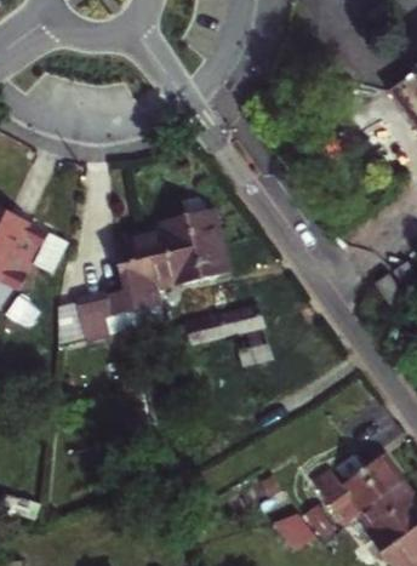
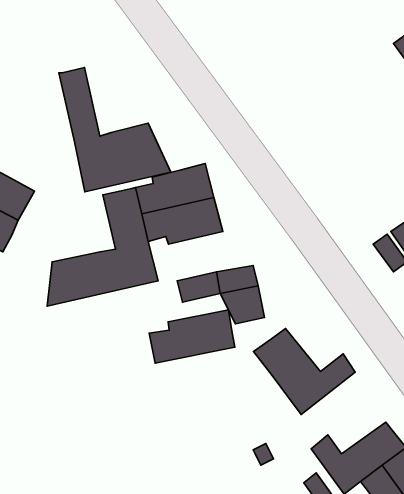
building: none -> [59,67,171,192]
building: none -> [149,310,235,363]
building: none -> [254,328,355,414]

